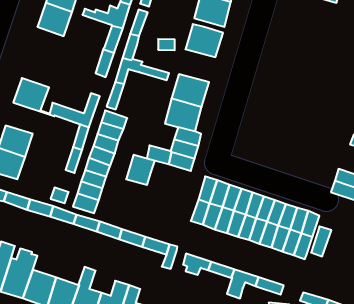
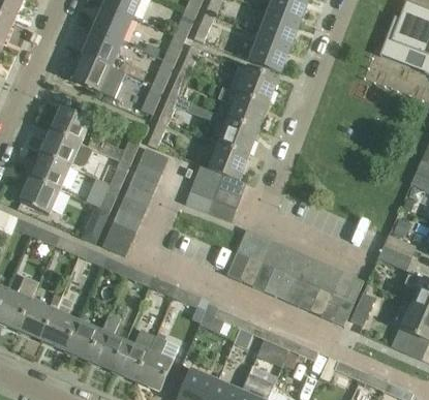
building: none -> [71,54,124,97]
building: none -> [227,92,268,129]
building: none -> [39,131,92,166]
building: [126,155,155,185] -> [189,165,221,198]

